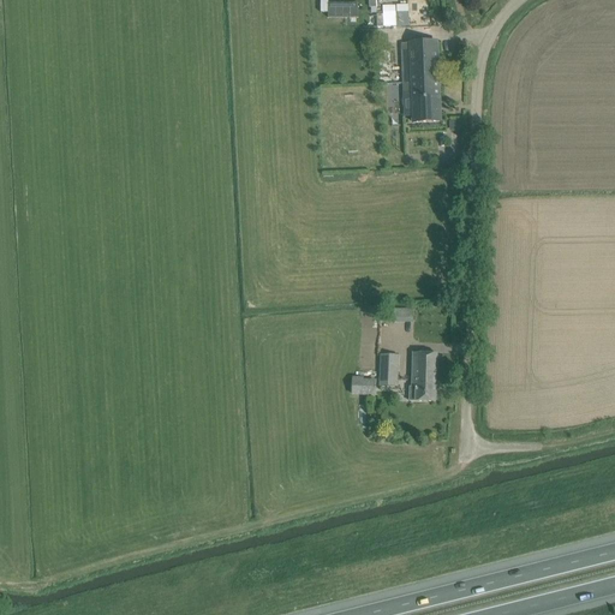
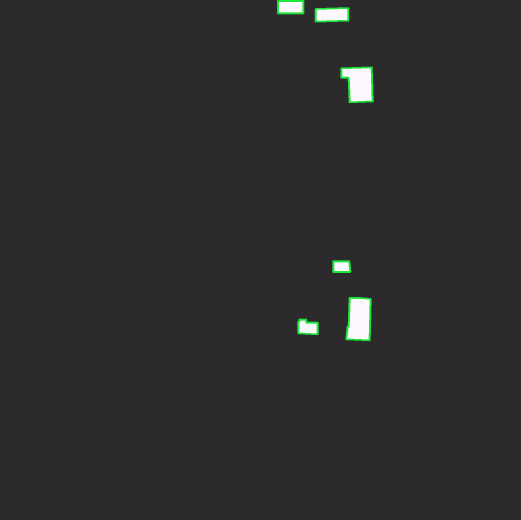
building: [400,40,437,80] -> none
building: [377,354,395,384] -> none

